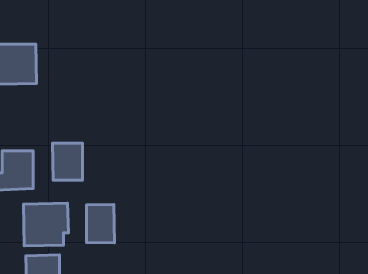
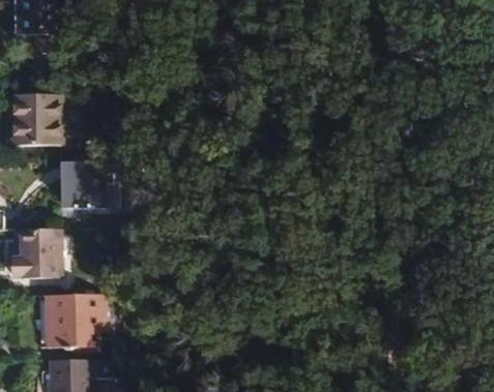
building: [52,143,83,180] -> [64,161,103,208]
building: [86,204,114,243] -> none

